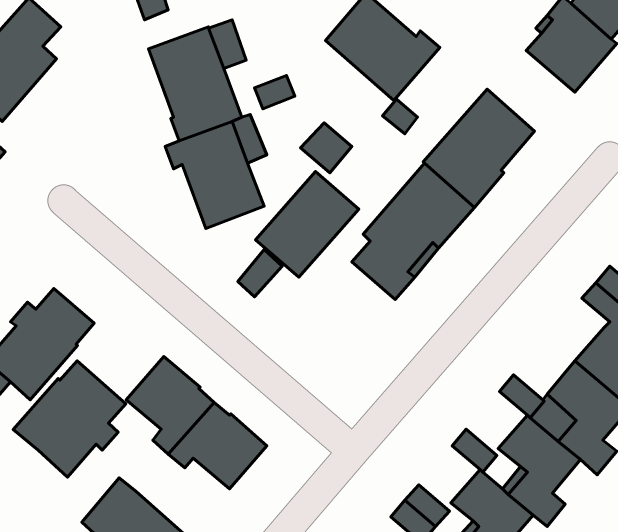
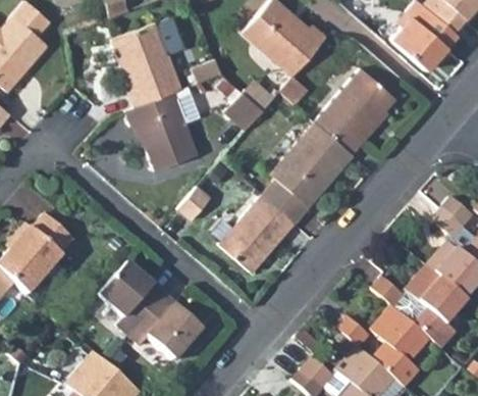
building: [256,172,359,277] -> [219,194,295,271]
building: [13,361,126,477] -> none

